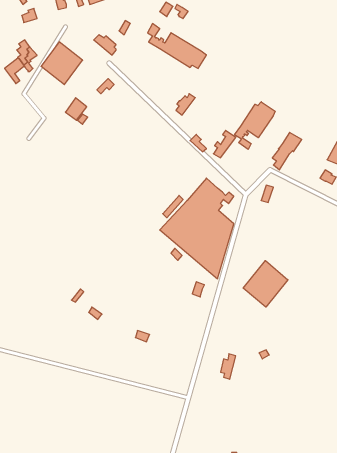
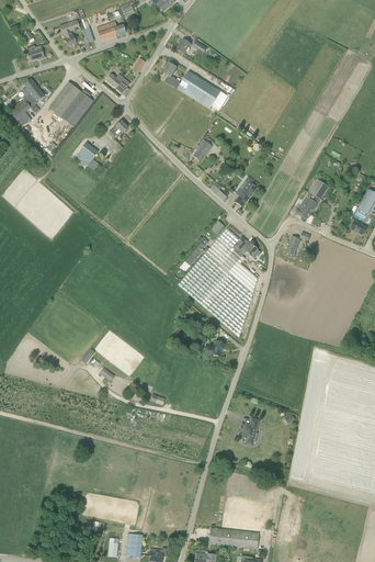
building: [235,102,275,149] -> none
building: [243,261,288,307] -> none

